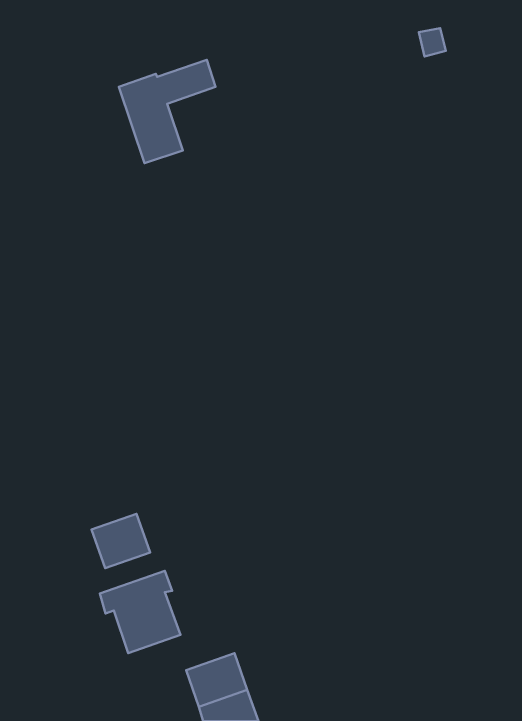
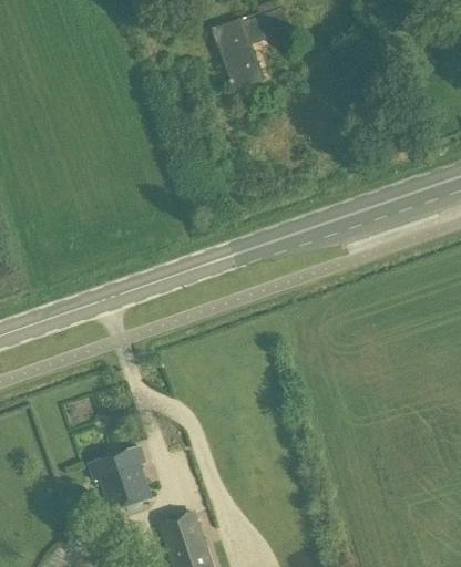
building: [119,60,215,163] -> [212,9,287,90]
building: [92,514,150,568] -> none

